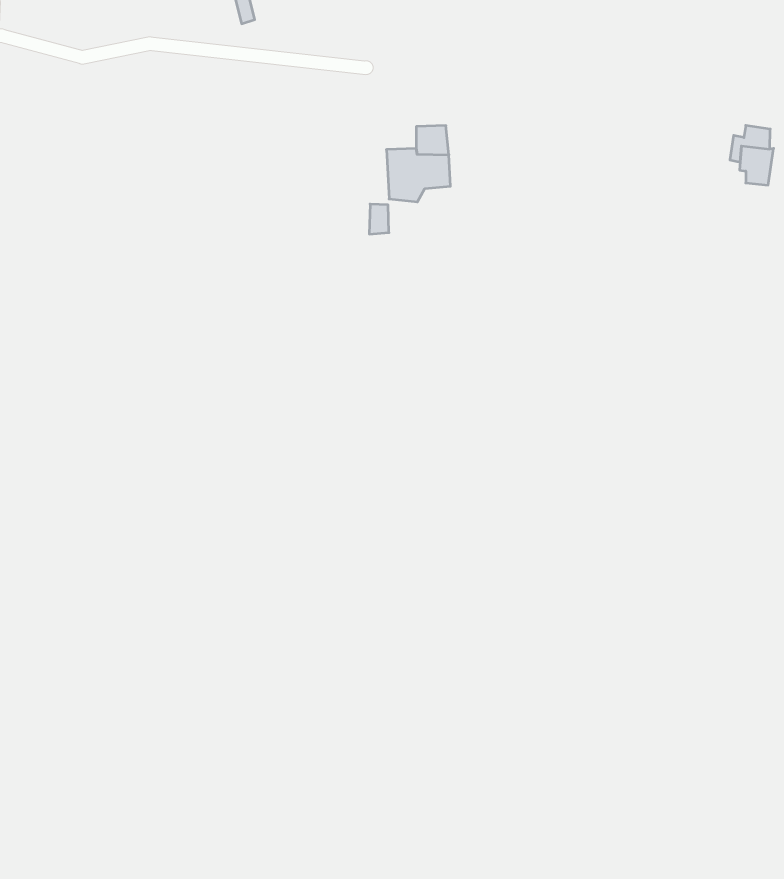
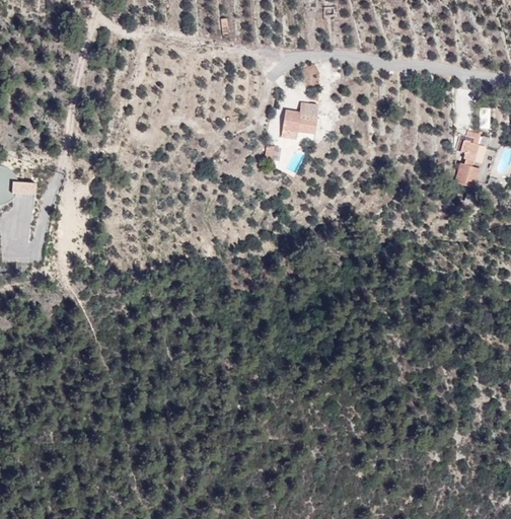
building: none -> [453,163,479,189]

